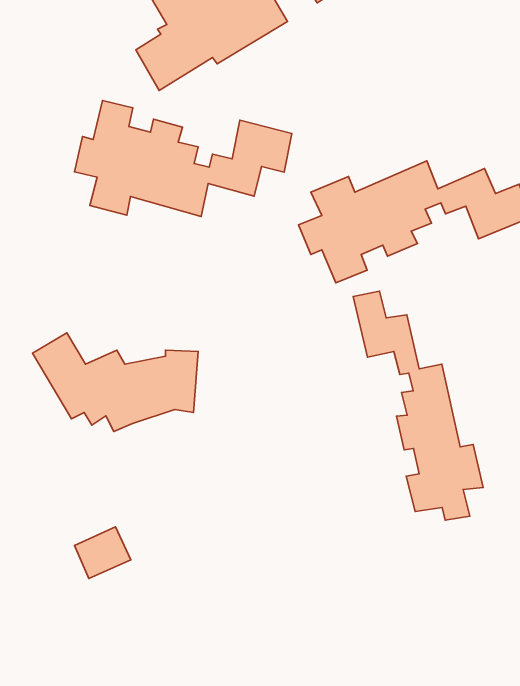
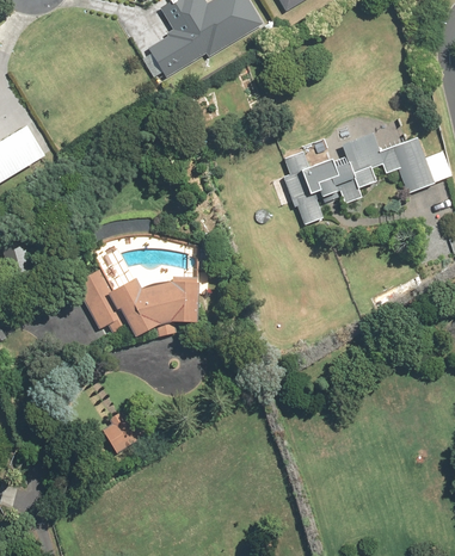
building: [74,100,292,217] -> none
building: [353,291,483,520] -> none

